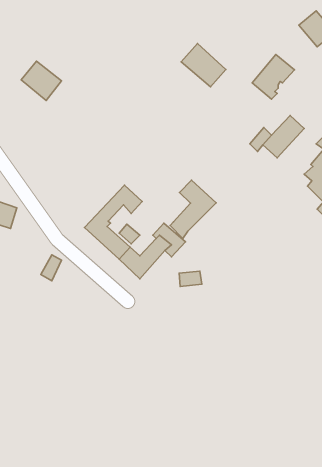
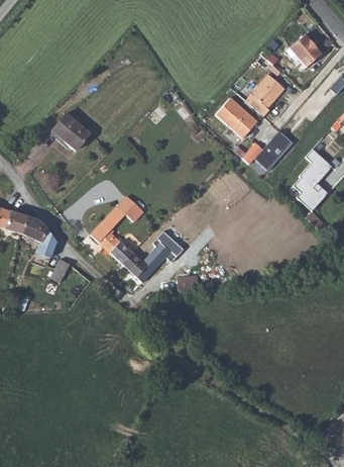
building: [181,43,226,87] -> [215,97,256,137]
building: [21,61,62,101] -> [52,112,90,149]
building: [170,180,216,238] -> none
building: none -> [21,216,55,258]

